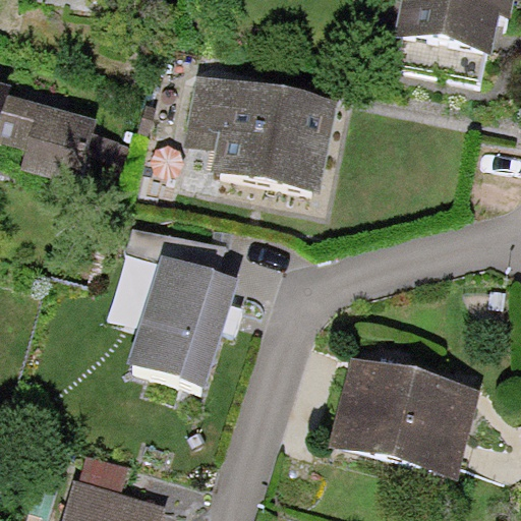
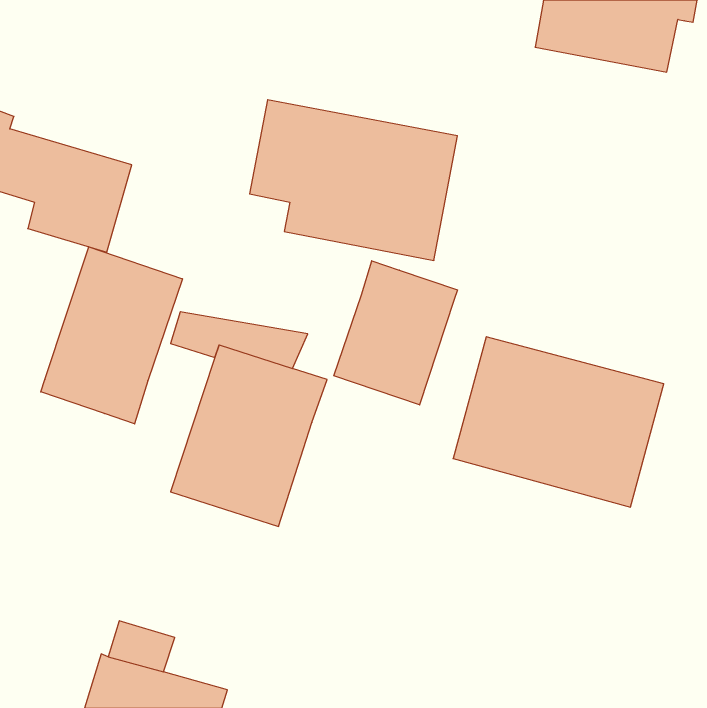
building: none -> [41,247,182,424]
building: none -> [334,261,458,405]
building: [327,355,481,480] -> [453,337,664,507]

